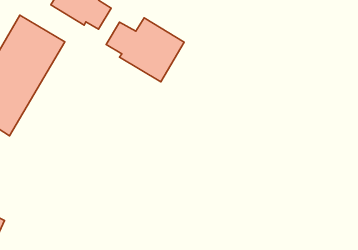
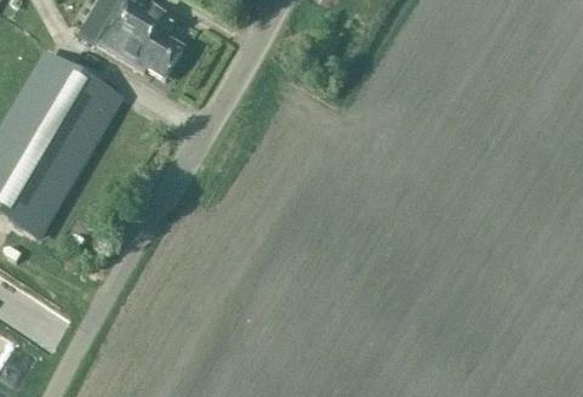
building: [106,18,184,82] -> none

